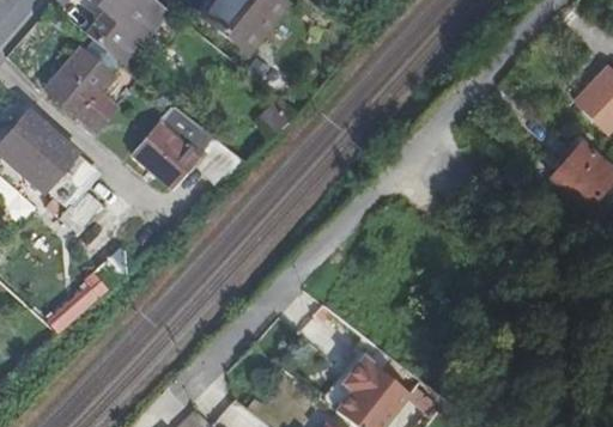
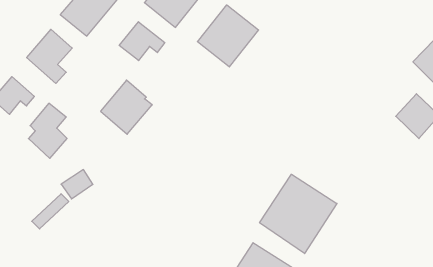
building: none -> [197,5,259,67]
building: none -> [119,22,165,61]
building: none -> [260,174,337,254]

